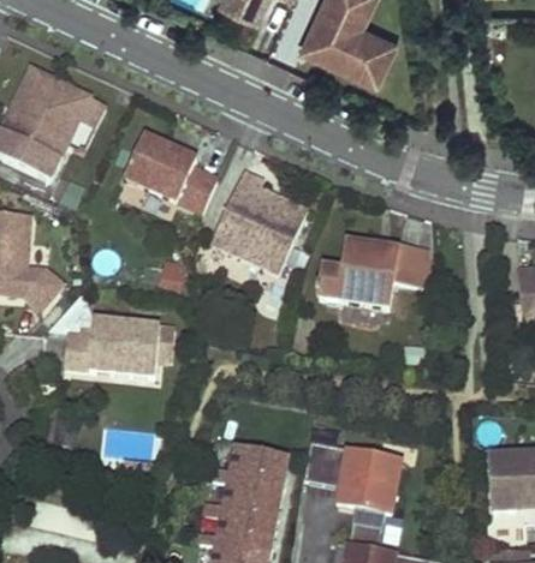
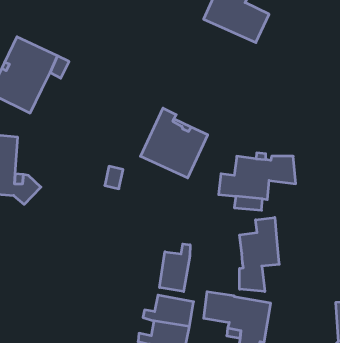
building: [124,136,215,214] -> none
building: [65,321,161,377] -> none
building: none -> [240,217,279,292]
building: none -> [160,244,190,292]

